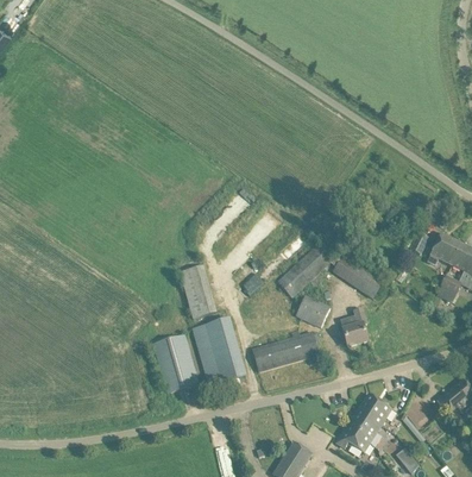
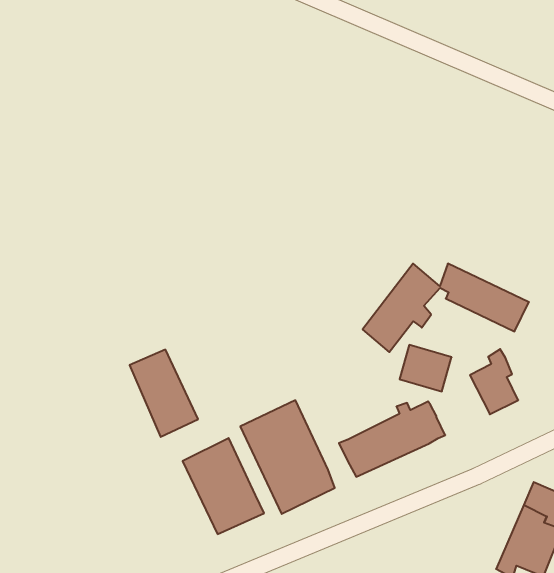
building: [180,265,216,319] -> [130,350,198,437]

